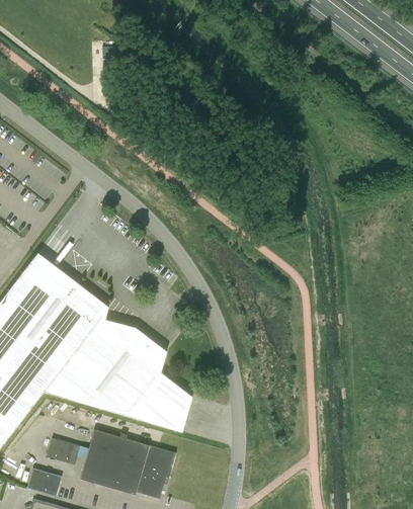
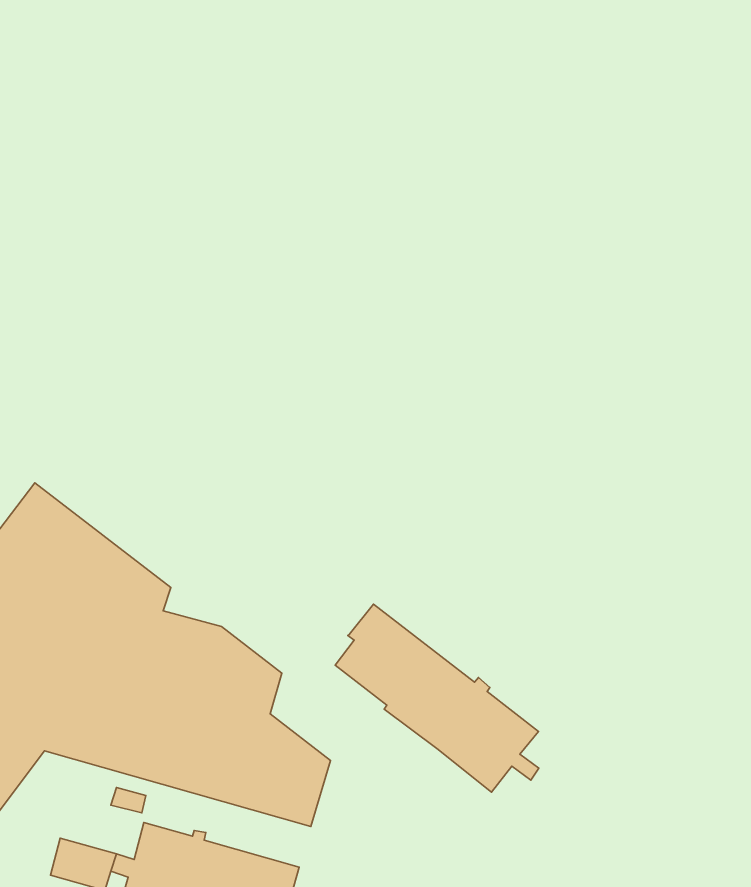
building: none -> [335,604,539,792]

